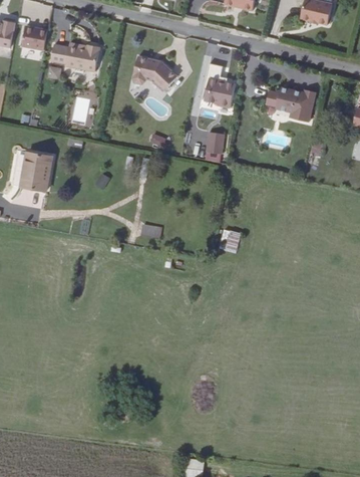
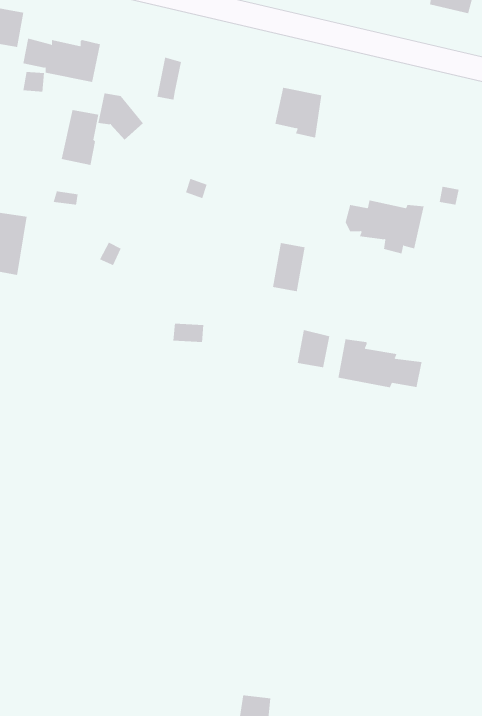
building: [144,59,173,89] -> [97,93,144,141]
building: [265,88,315,123] -> [345,200,424,254]
building: [205,131,226,162] -> [272,242,306,292]
building: none -> [338,338,422,388]

